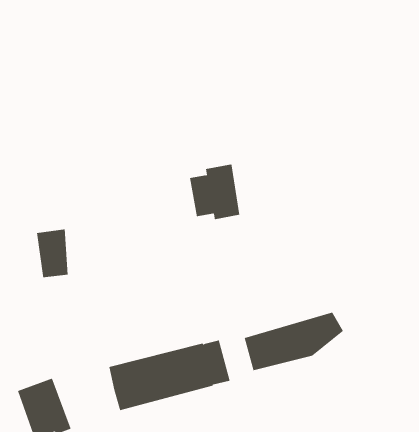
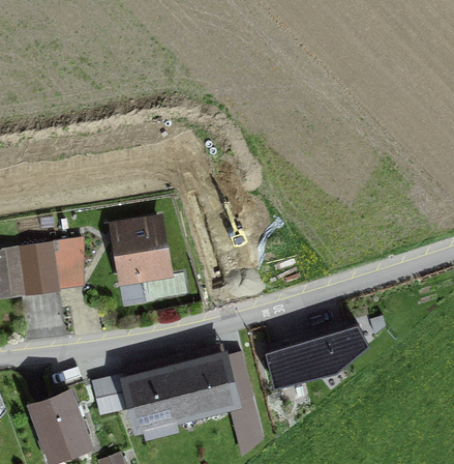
building: [189,164,240,220] -> [114,221,167,279]
building: none -> [20,243,57,294]
building: none -> [92,375,130,413]

